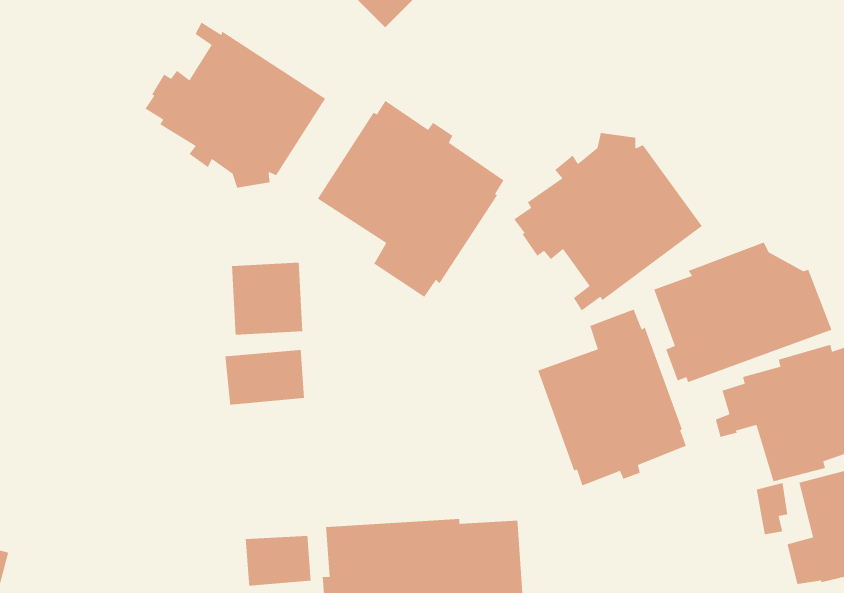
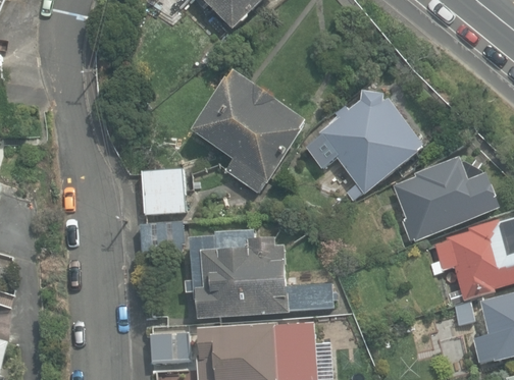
building: [145,21,326,188] -> none
building: [537,308,687,486] -> none
building: none -> [187,229,338,319]

